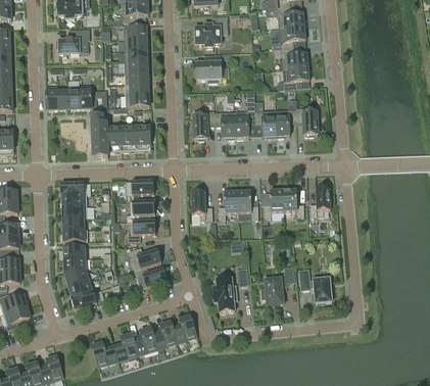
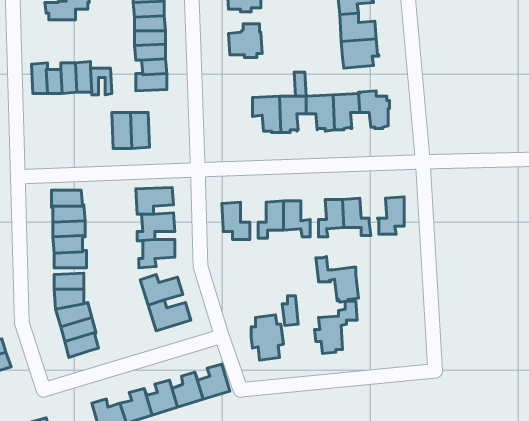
building: [192,110,214,139] -> none
building: [92,115,108,156] -> none
building: [135,123,152,149] -> none
building: [299,269,332,303] -> [316,256,359,302]

